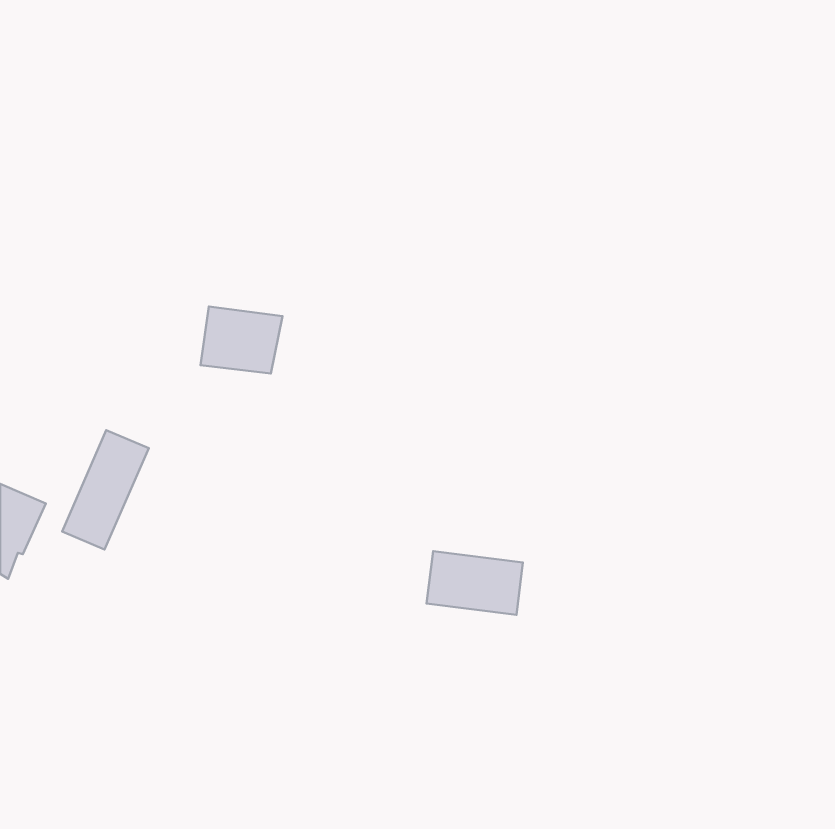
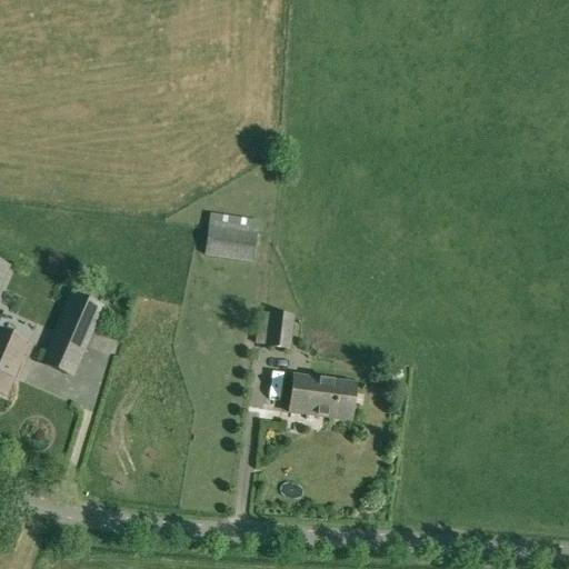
building: [201,306,282,373] -> [204,212,260,258]
building: none -> [267,311,295,347]

